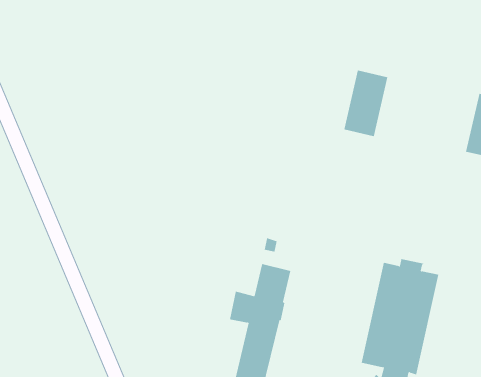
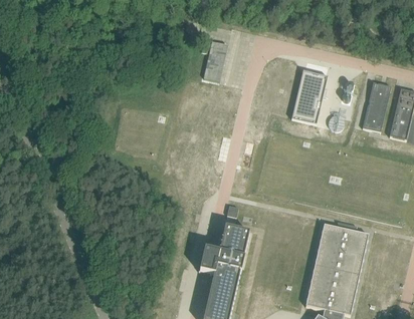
building: none -> [204,41,228,81]
building: none -> [363,82,391,131]

